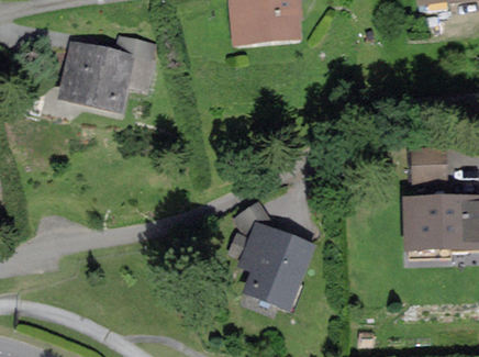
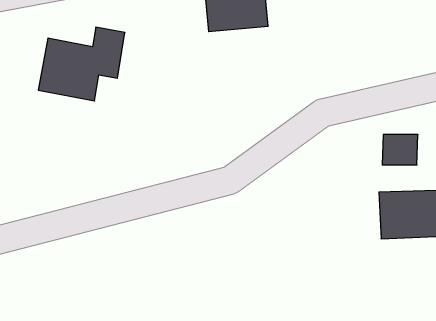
building: [243,226,310,306] -> none

